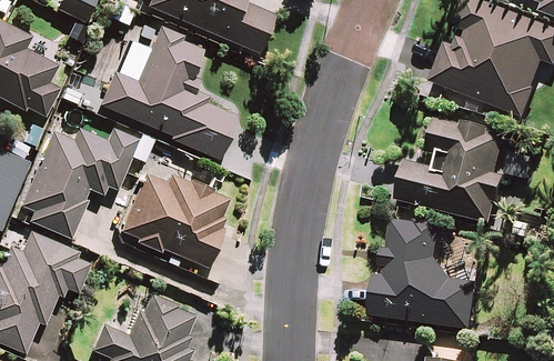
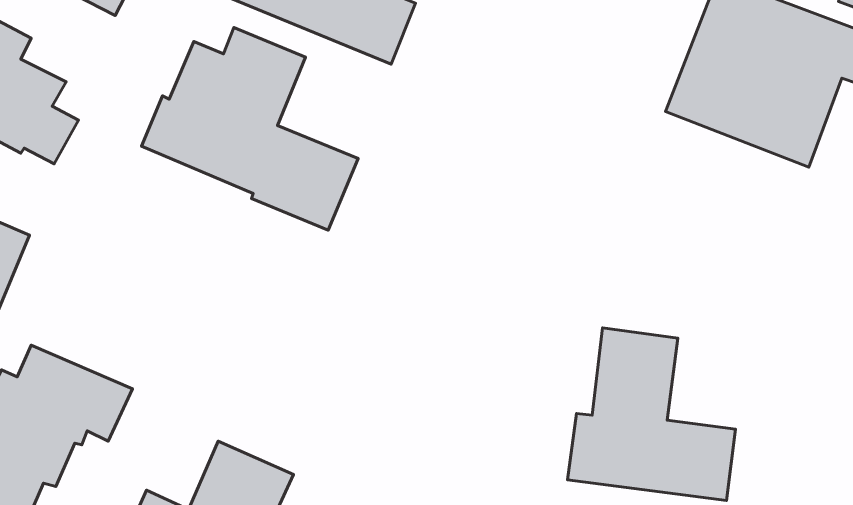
building: [397,119,508,224] -> none
building: [22,128,138,237] -> none
building: [121,173,232,264] -> none

